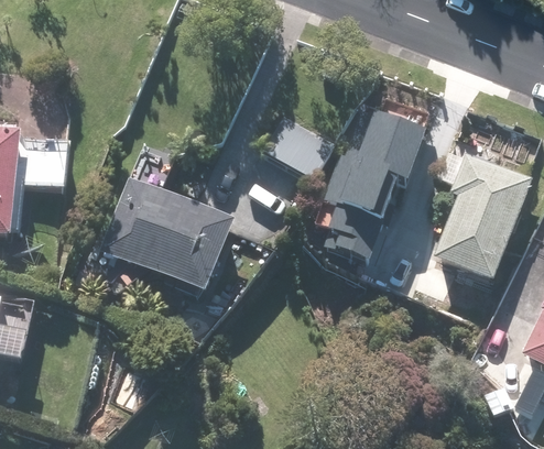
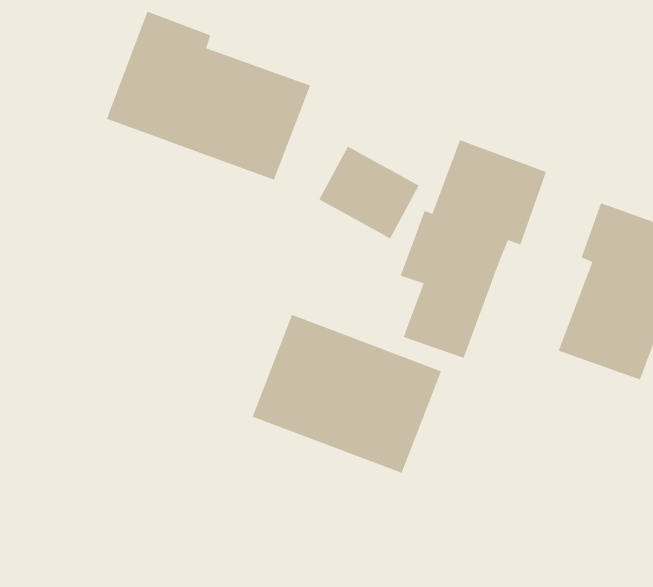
building: none -> [106,11,311,181]
building: [98,176,235,291] -> [252,314,442,474]

